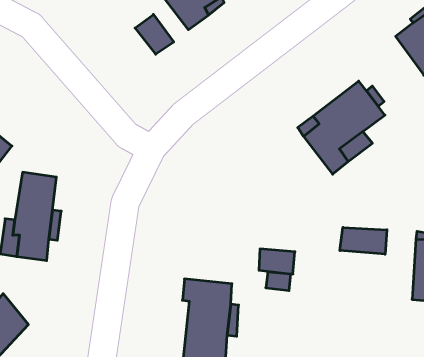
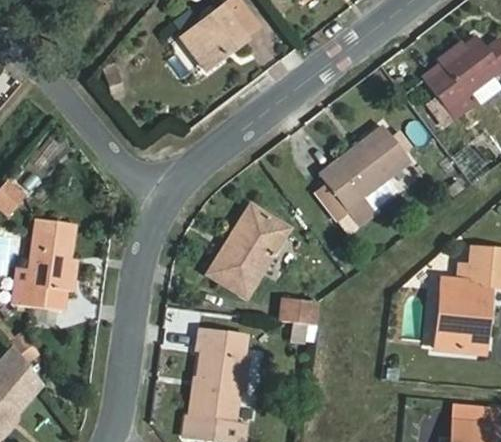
building: [135,14,174,54] -> none
building: none -> [209,208,286,298]
building: [340,227,387,254] -> none

